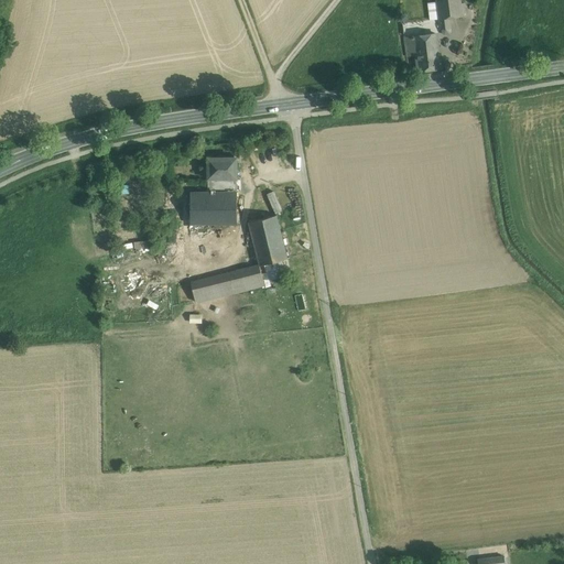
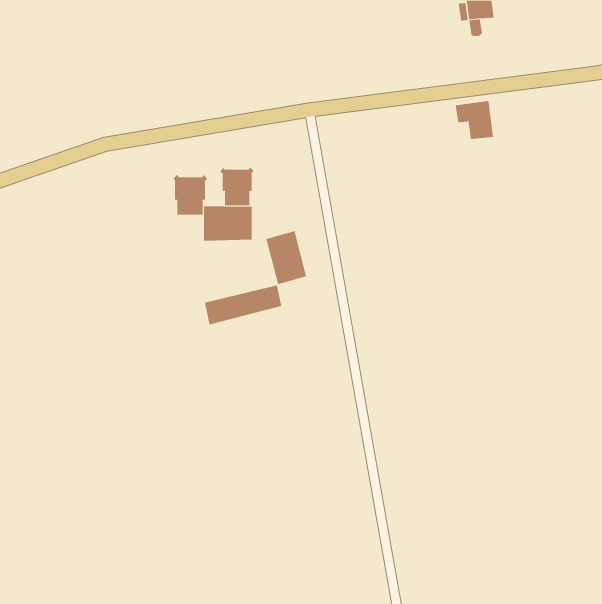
building: [403,34,440,70] -> [455,100,494,139]
building: none -> [172,174,208,216]

